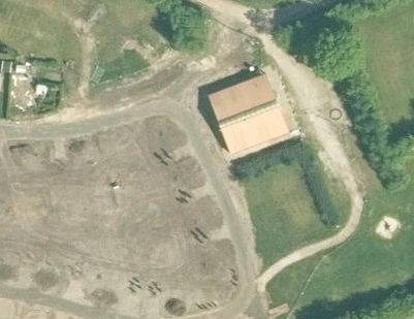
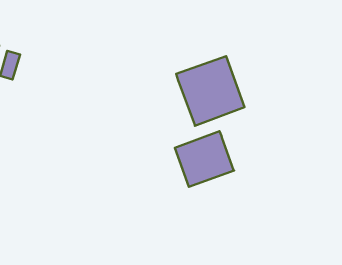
building: none -> [175,131,234,187]

